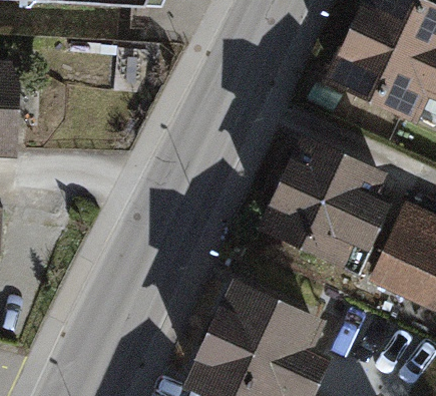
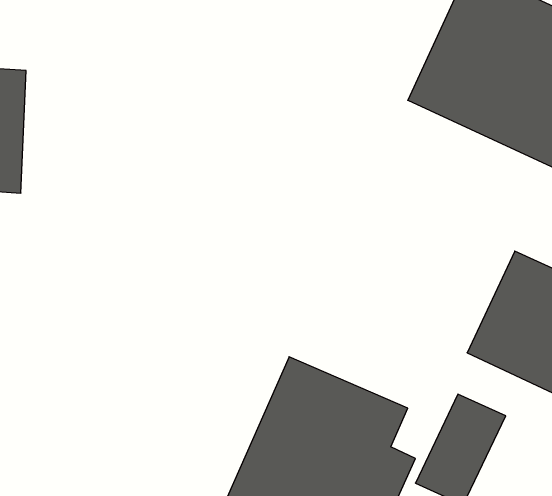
building: [258,133,401,275] -> none

